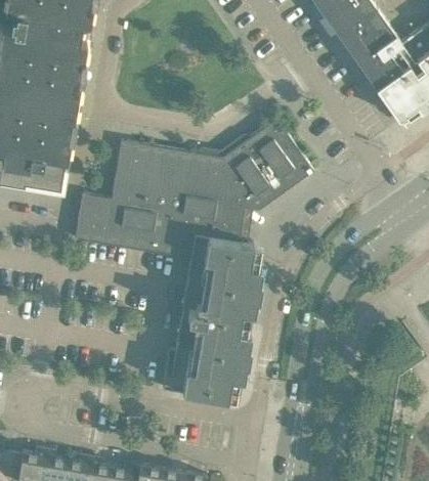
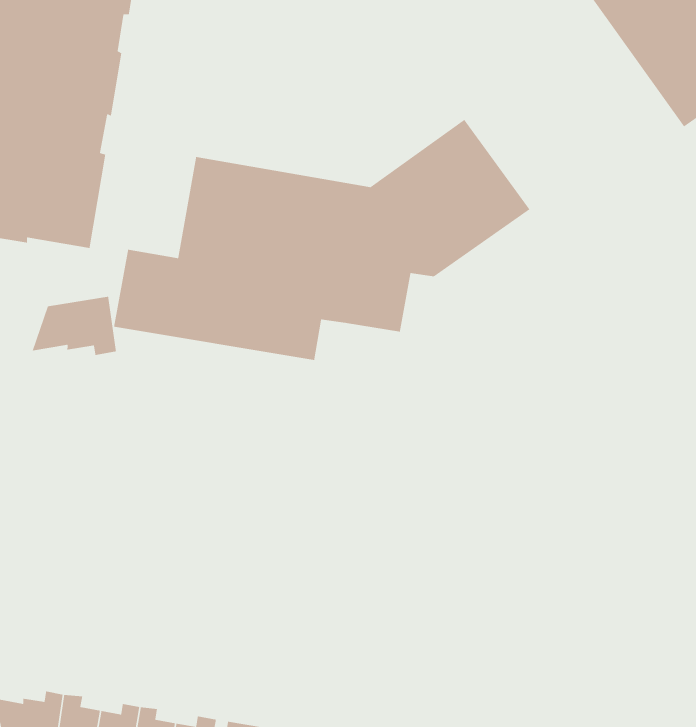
building: none -> [32,296,117,356]
building: [163,233,262,398] -> none

